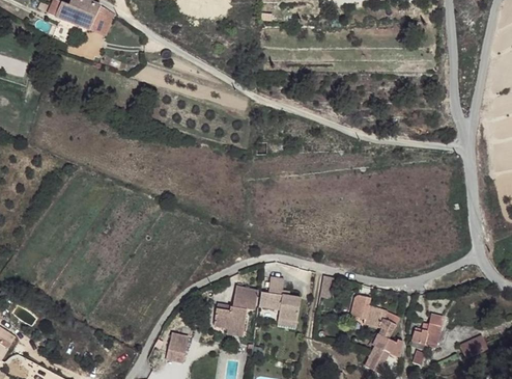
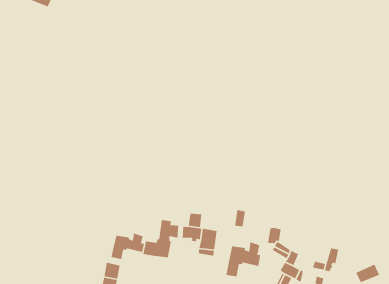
building: none -> [111,232,145,260]
building: none -> [226,241,261,277]

